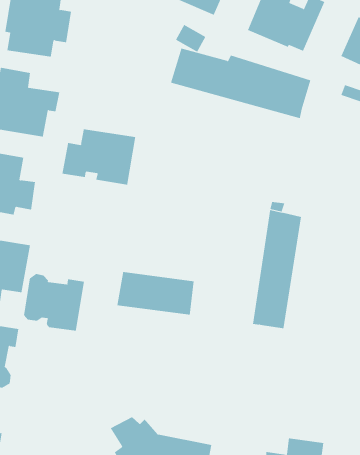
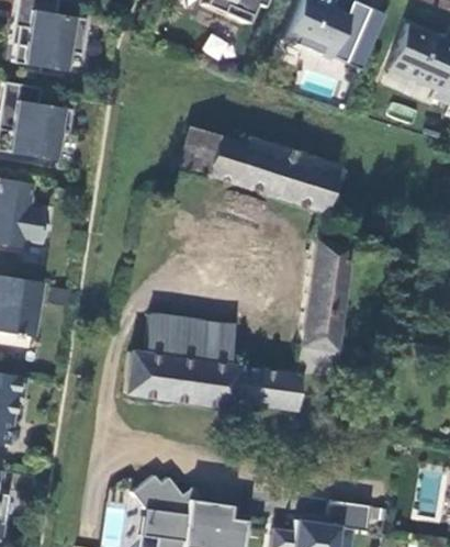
building: [170,48,311,119] -> [181,133,340,213]
building: [62,128,136,186] -> none
building: [24,273,85,331] -> none
building: none -> [122,351,302,406]

